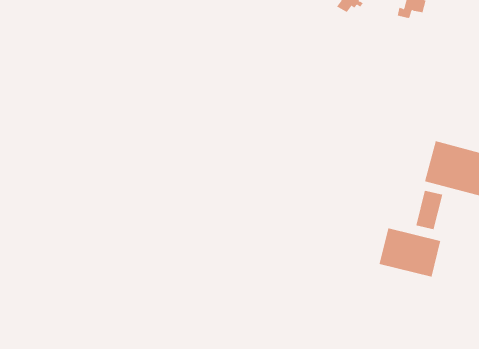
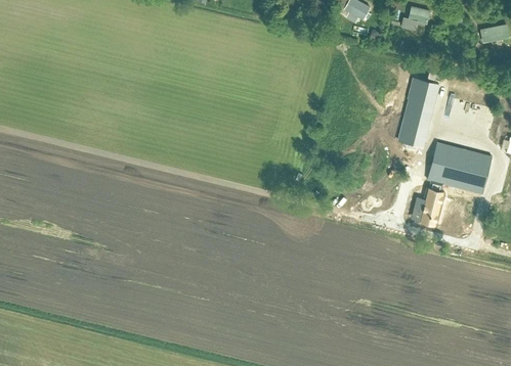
building: none -> [397,79,438,146]
building: [379,227,441,278] -> none

